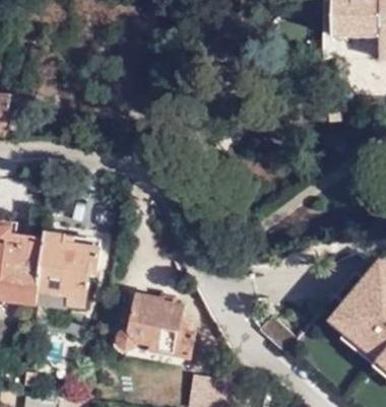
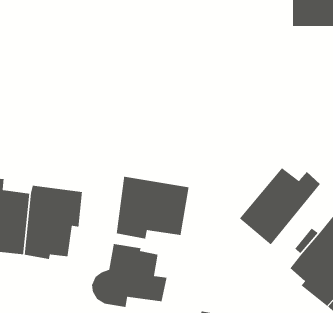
building: none -> [239,167,321,246]
building: none -> [116,176,190,239]

